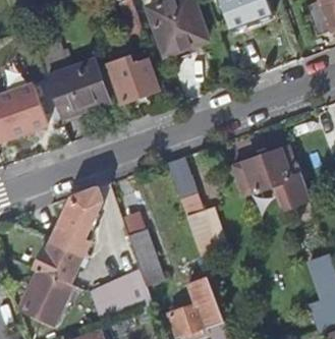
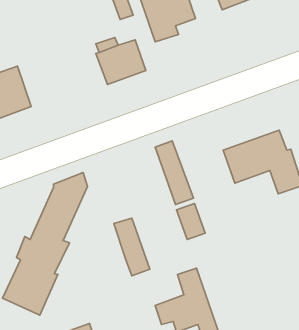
building: [47,60,108,118] -> none
building: [91,269,151,320] -> none

